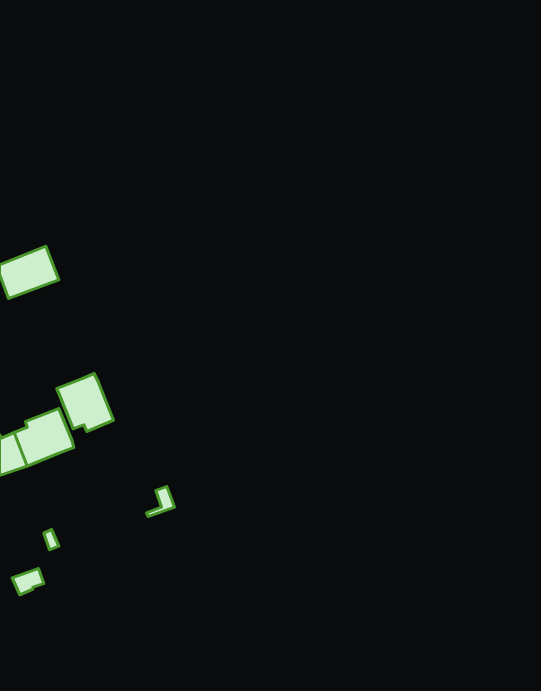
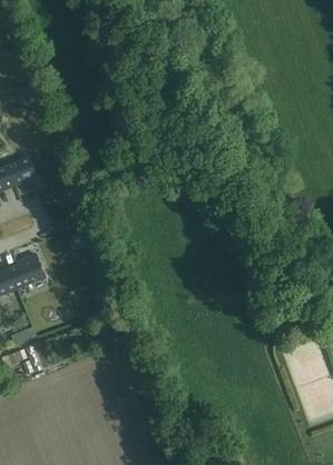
building: [57,373,113,431] -> none

